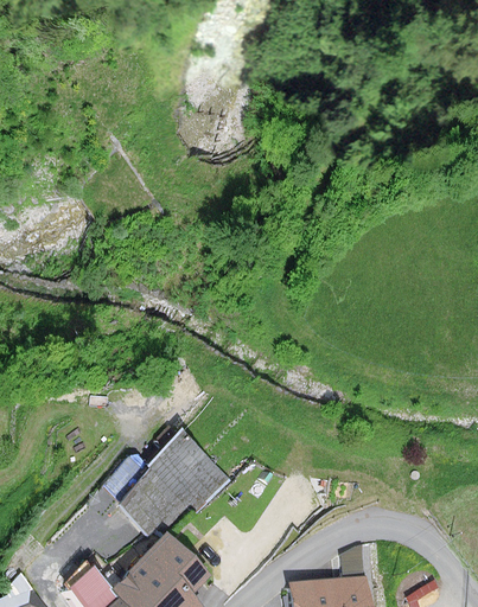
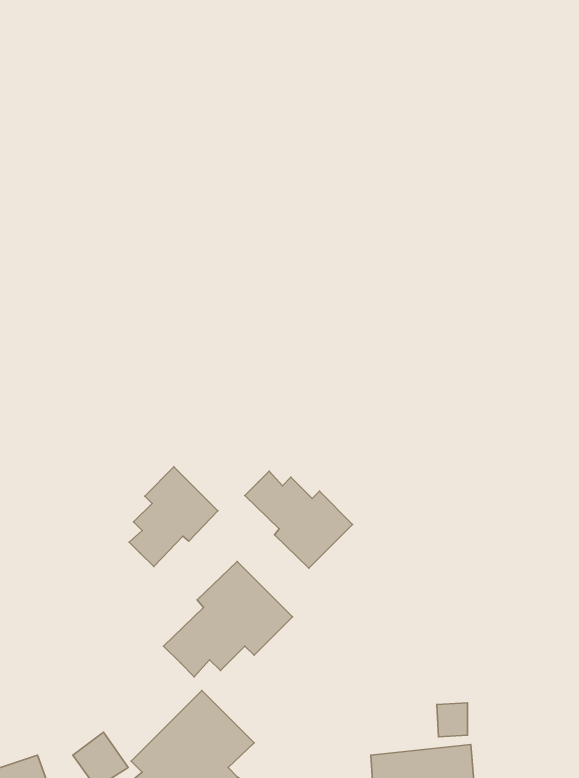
building: none -> [129,467,218,567]
building: none -> [245,471,353,568]

